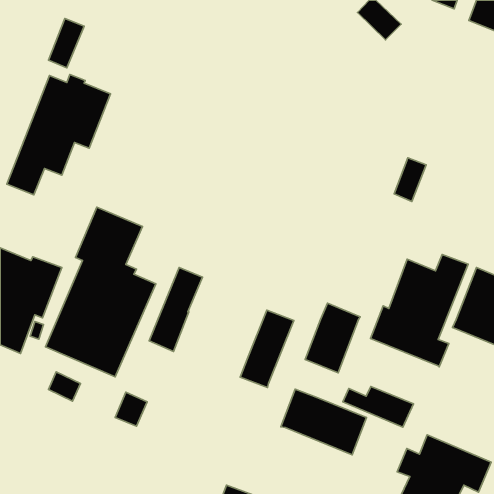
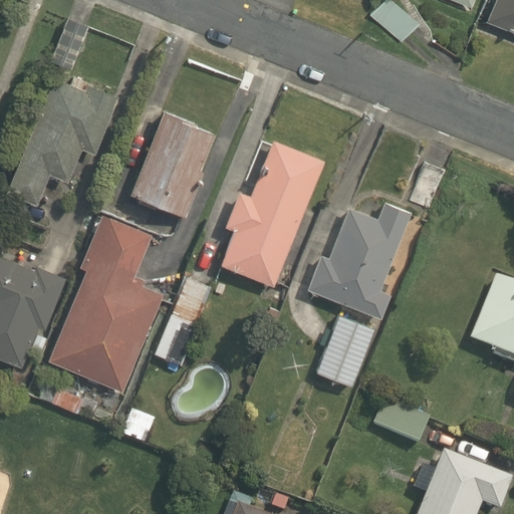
building: none -> [130,113,215,218]
building: none -> [220,140,324,287]
building: [370,254,468,367] -> [309,203,411,319]
building: [240,310,294,387] -> none
building: [281,389,366,455] -> none

